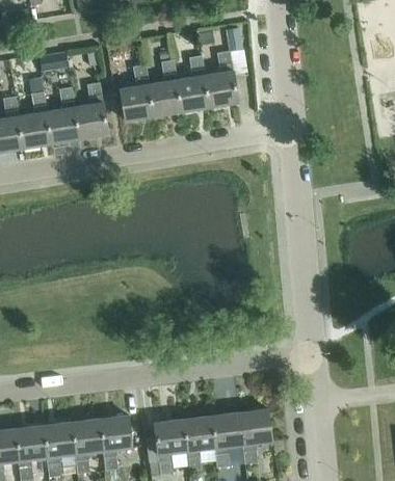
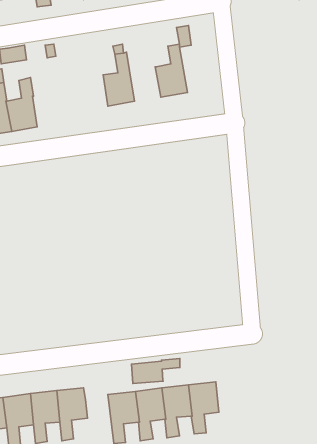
building: [177,55,210,111] -> none
building: [120,64,154,121] -> none
building: [74,82,108,138] -> none
building: none -> [131,358,180,384]

